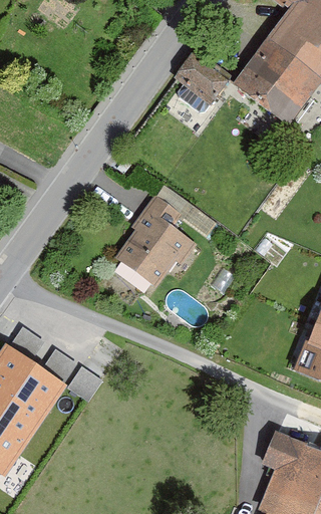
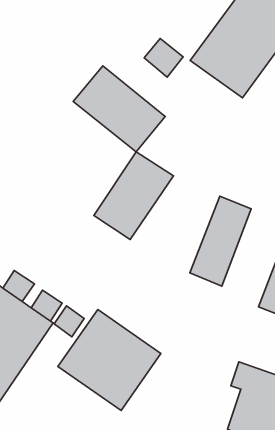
building: none -> [73,66,165,152]
building: none -> [190,196,251,286]
building: none -> [58,309,161,410]

